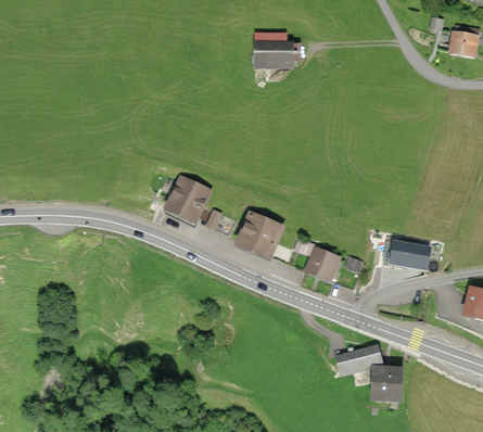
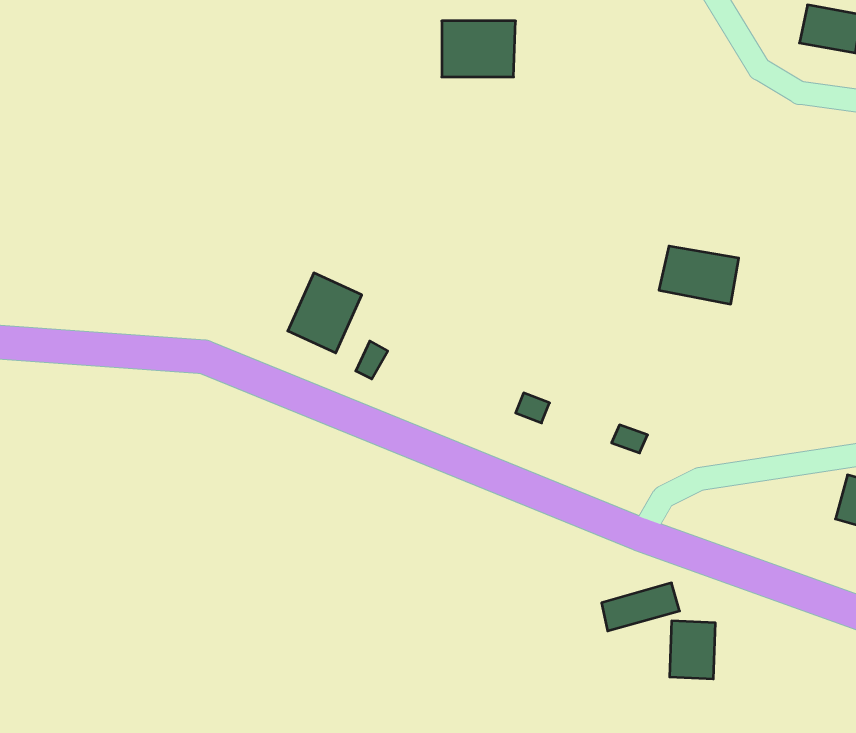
building: [242,214,282,254] -> none
building: [391,237,434,268] -> [659,246,739,304]
building: [304,249,341,285] -> none

